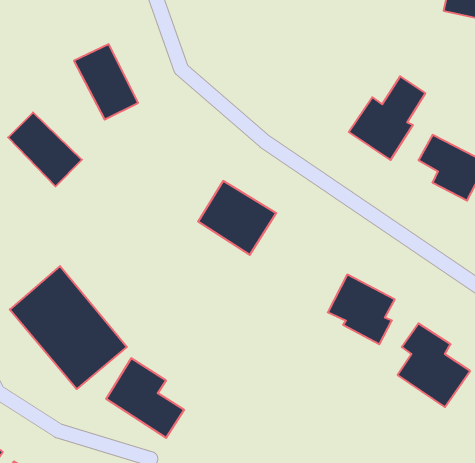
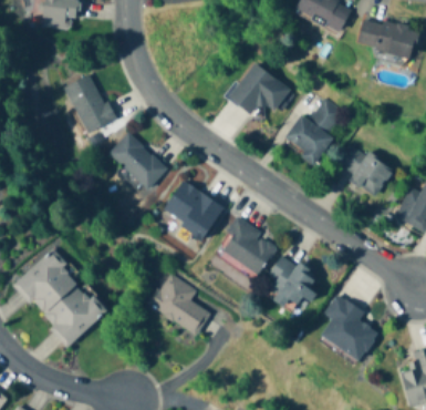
building: none -> [227,62,290,116]
building: [8,112,82,186] -> [108,132,167,191]
building: none -> [217,218,278,276]
building: [106,358,184,438] -> [148,273,210,336]

